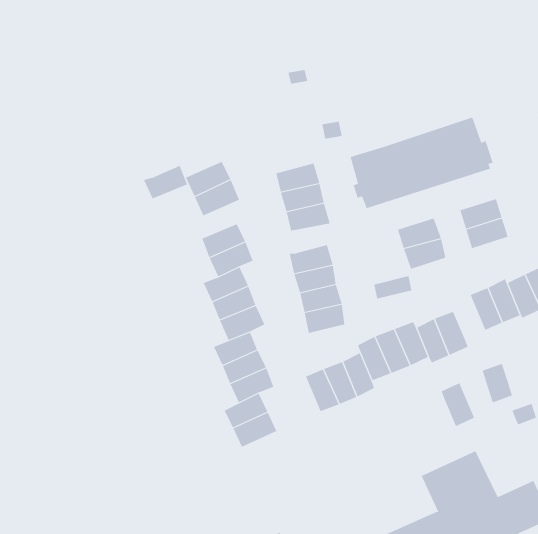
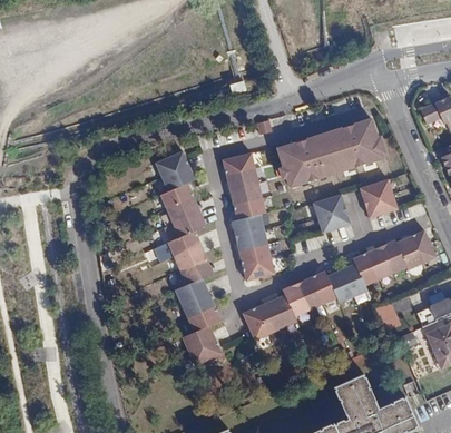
building: [143,165,188,199] -> [160,183,194,208]
building: none -> [234,197,267,219]
building: [441,382,475,427] -> [354,250,380,284]

